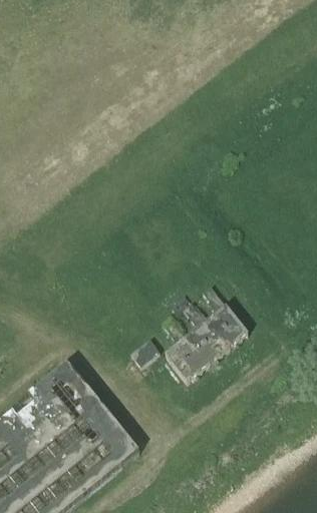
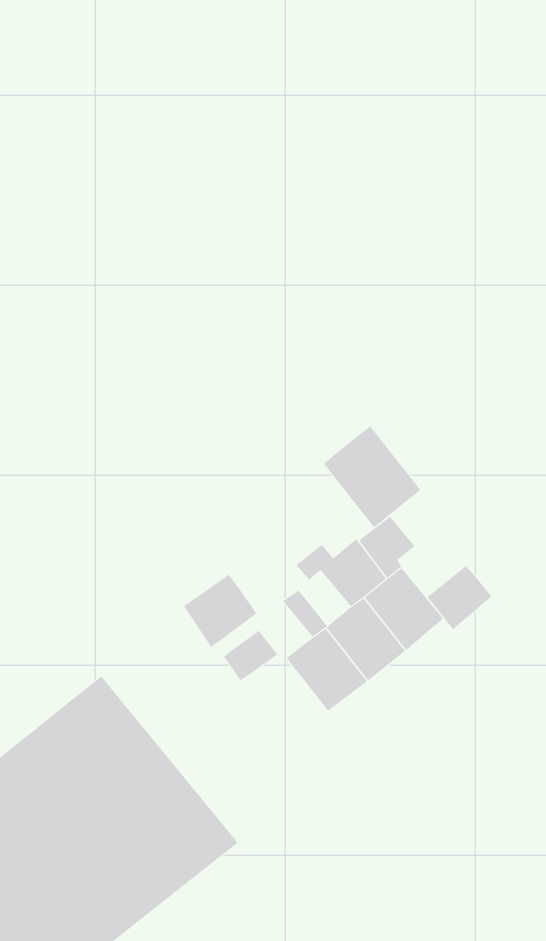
building: none -> [323,425,421,528]
building: none -> [427,565,492,630]
building: none -> [183,574,257,648]

